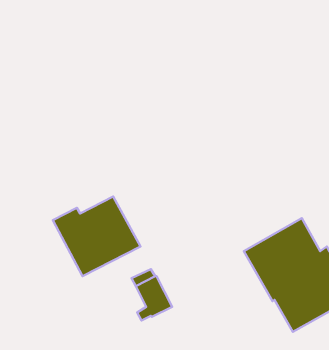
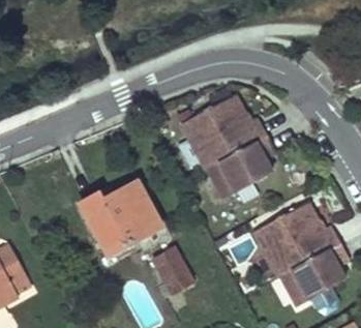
building: none -> [184,95,277,198]

